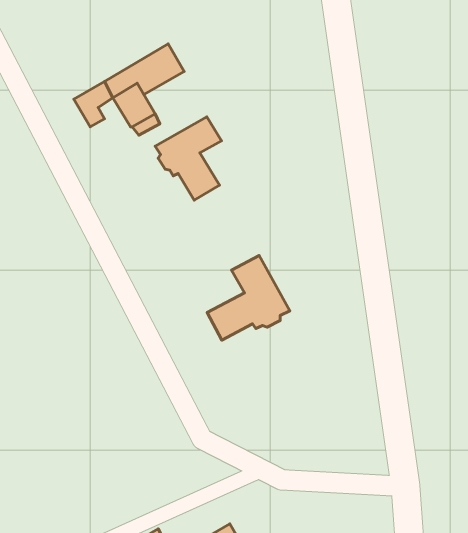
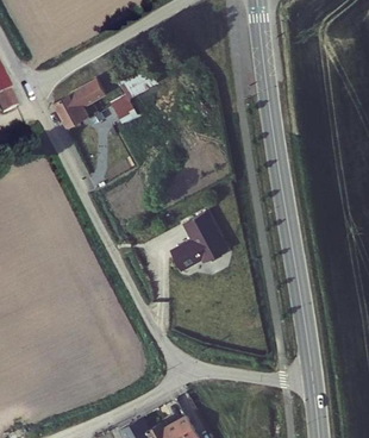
building: none -> [55,99,86,130]
building: [155,117,221,200] -> none

